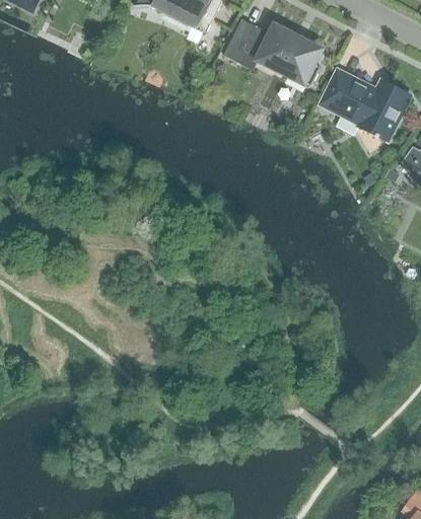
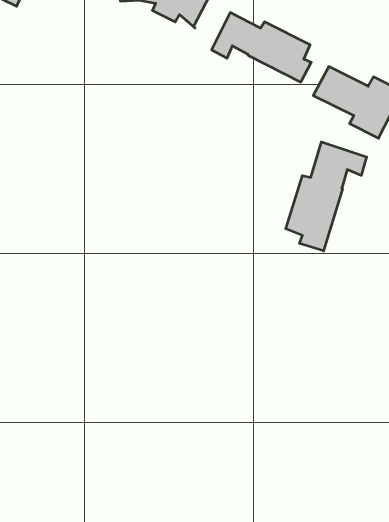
building: none -> [286,142,367,251]

